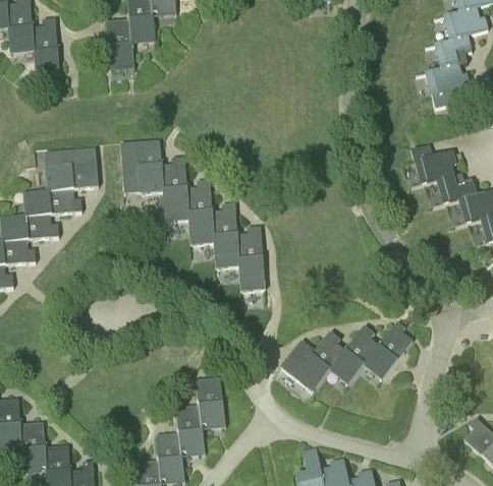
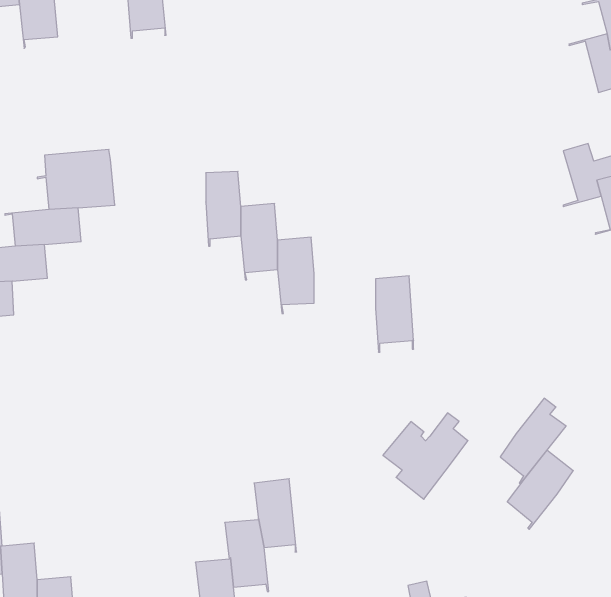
building: [121,140,162,192] -> none
building: [237,233,264,286] -> [376,276,414,352]
building: [332,331,378,386] -> [507,450,573,529]

